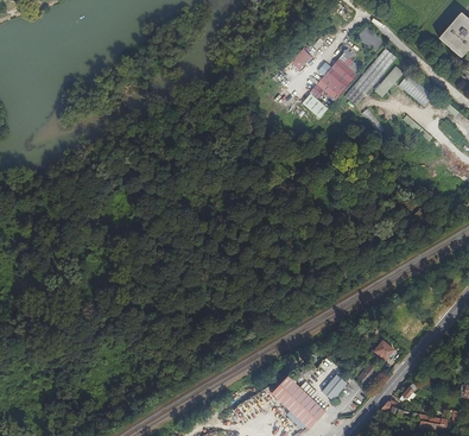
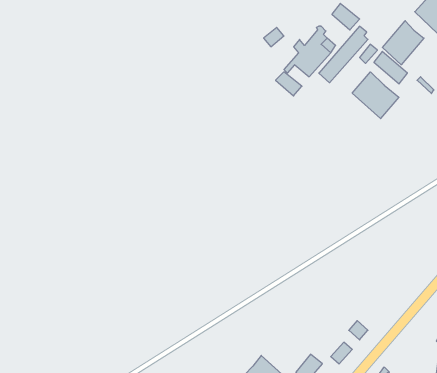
building: none -> [382,21,424,65]
building: none -> [352,72,399,119]

